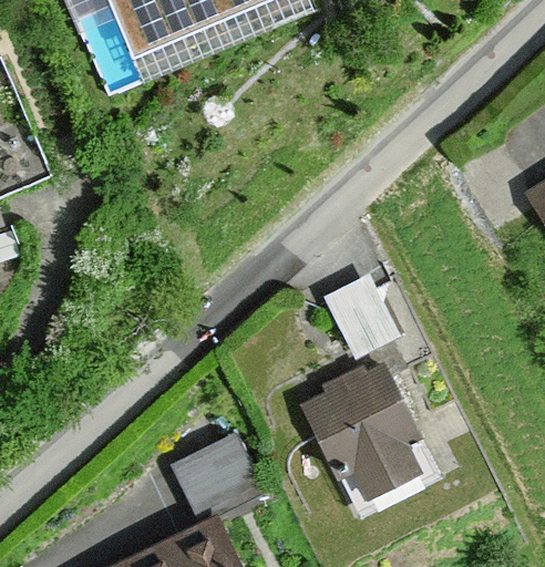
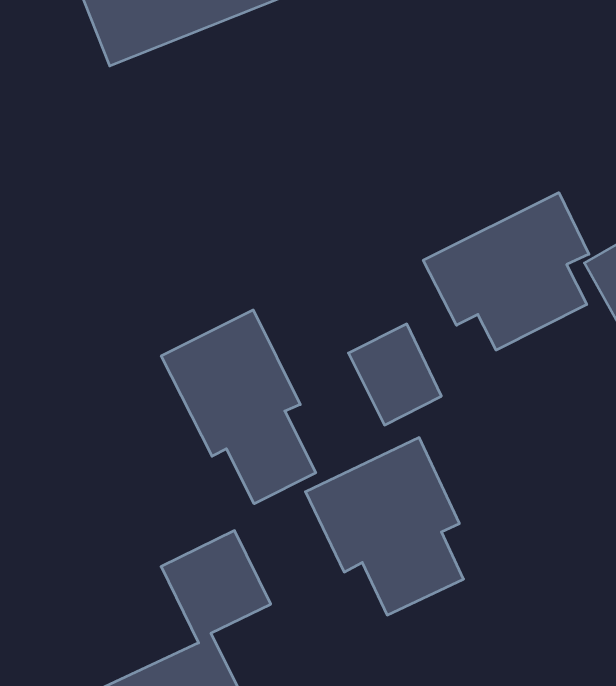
building: none -> [423,193,589,350]
building: none -> [161,310,316,504]

